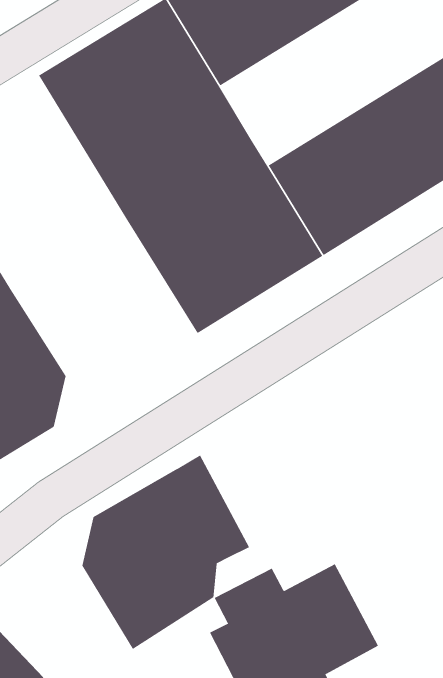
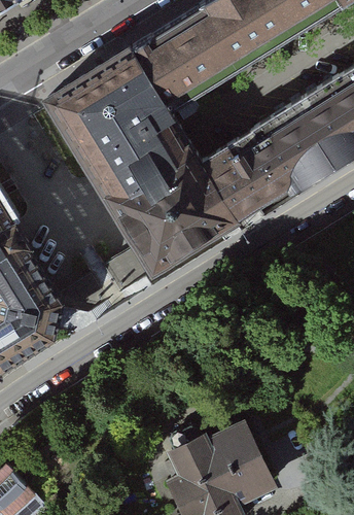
building: [82,455,250,650] -> none

